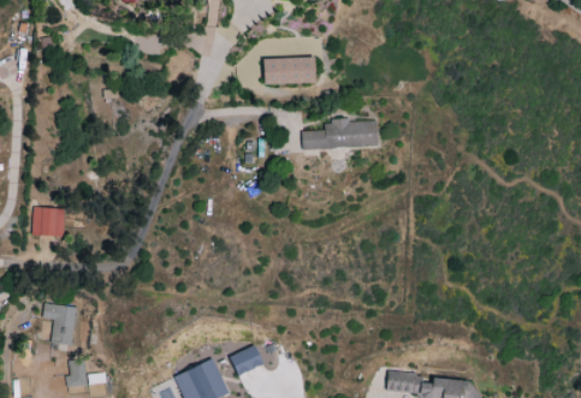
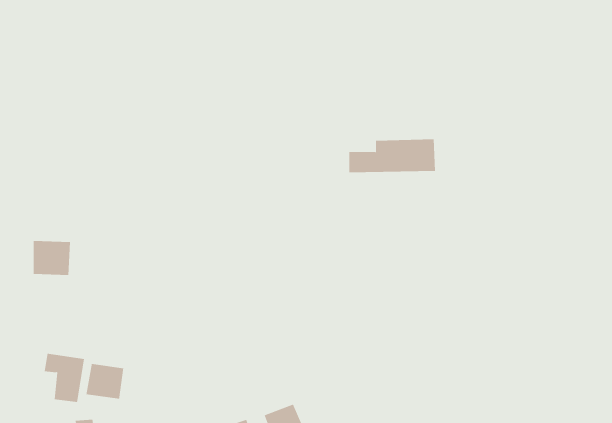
building: [263,58,316,84] -> none
building: none -> [86,363,124,400]

